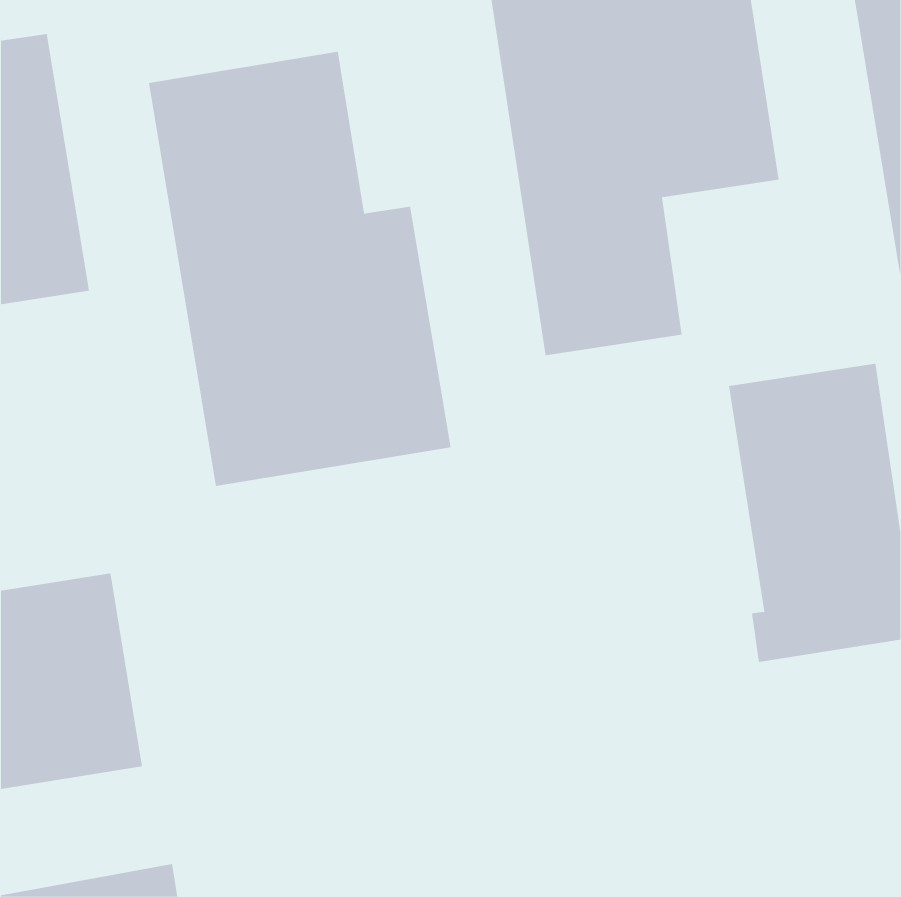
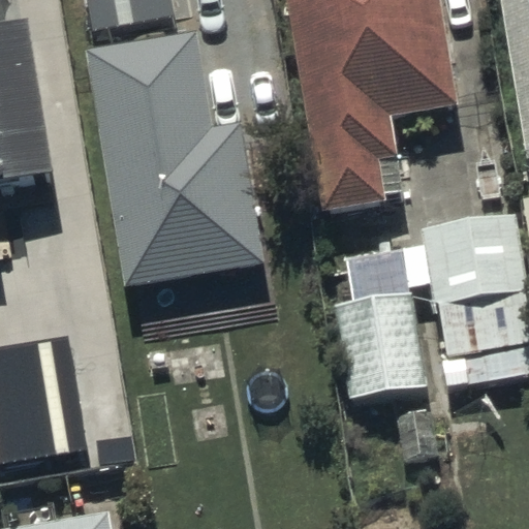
building: none -> [337,289,422,393]

